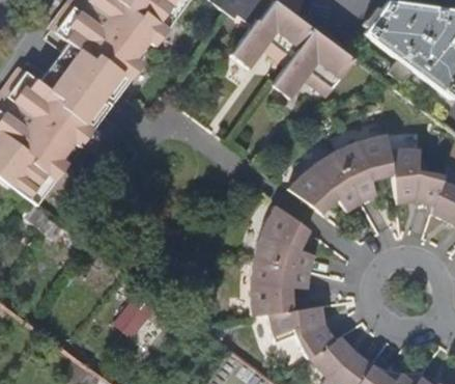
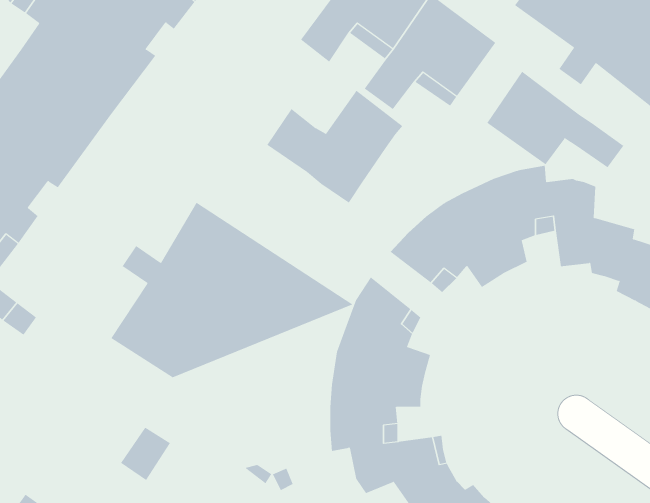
building: none -> [486,71,624,168]
building: none -> [267,90,403,204]
building: none -> [111,202,354,378]

